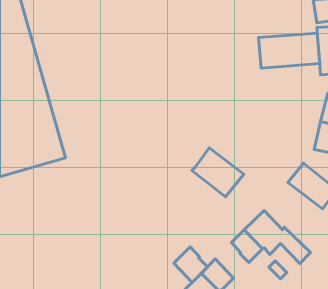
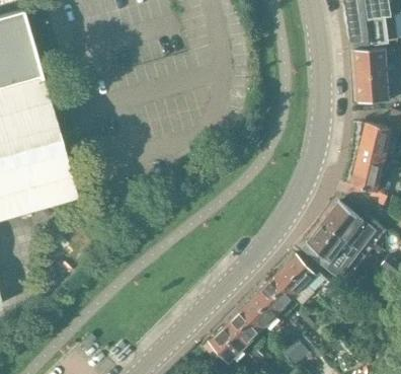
building: [259,33,320,68] -> none
building: [192,148,244,197] -> [303,223,360,278]
building: [174,247,208,282] -> [241,290,278,329]

